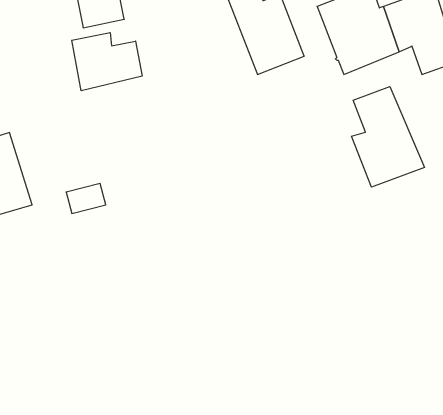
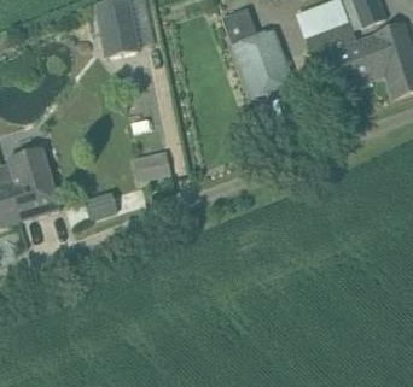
building: [72,33,142,91] -> none
building: [352,87,424,187] -> none
building: none -> [135,147,171,176]

